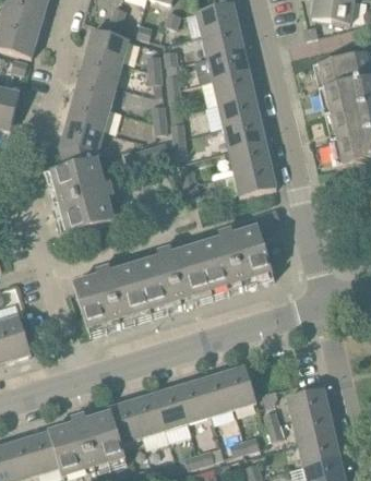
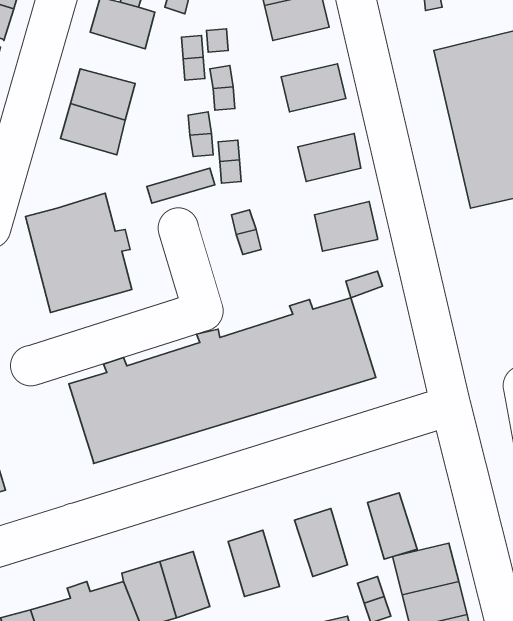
building: [207,47,250,80] -> none
building: [81,50,123,84] -> none
building: [218,94,261,125] -> none
building: [60,120,105,166] -> none
building: [229,140,271,170] -> none
building: [201,371,234,414] -> [367,493,417,559]
building: [155,385,189,428] -> none

